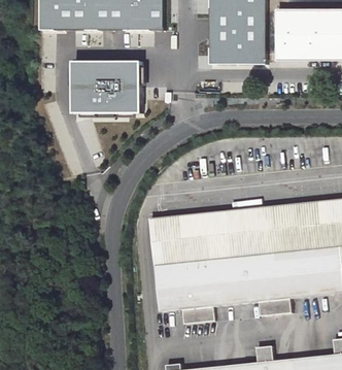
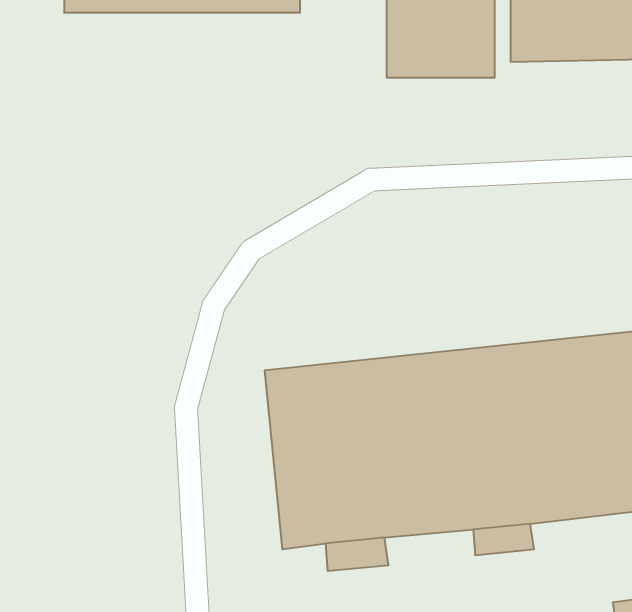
building: [66,65,136,117] -> none

